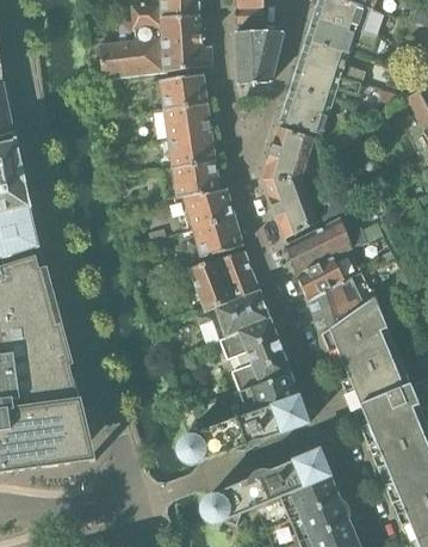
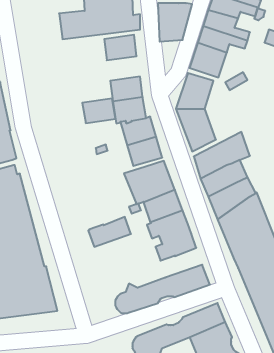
building: [165,103,211,137] -> [82,98,115,123]
building: [238,371,298,413] -> [88,217,131,247]

